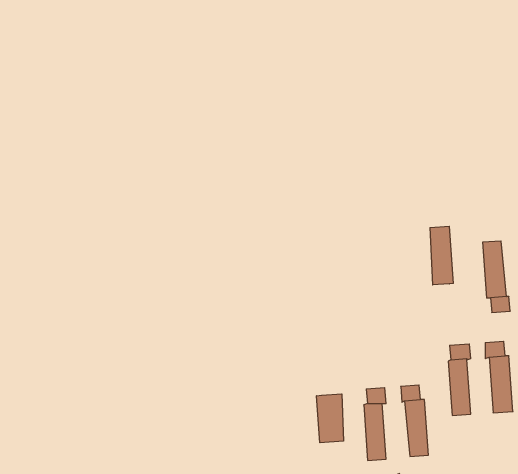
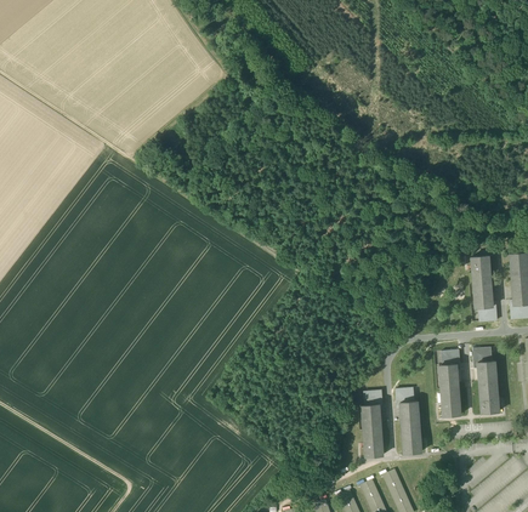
building: [430,226,453,285] -> none
building: [317,394,343,443] -> none

